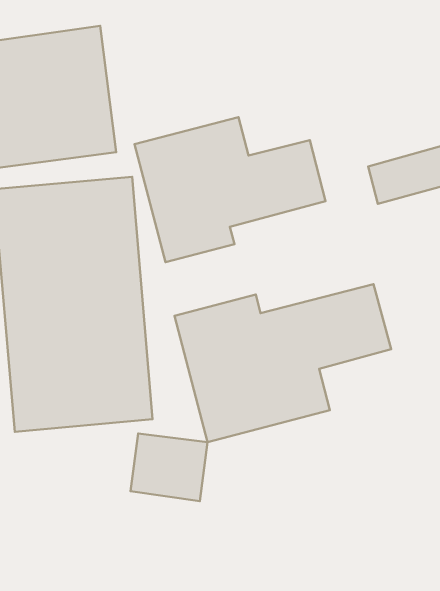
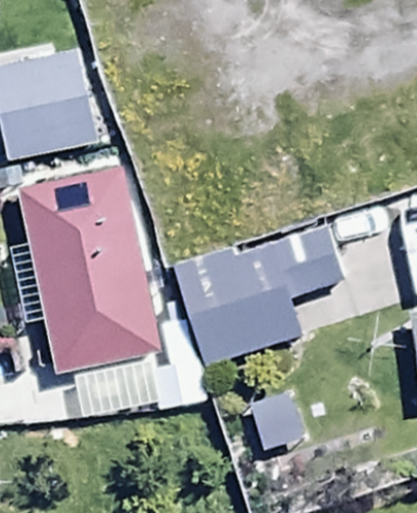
building: [134,117,325,262] -> none

